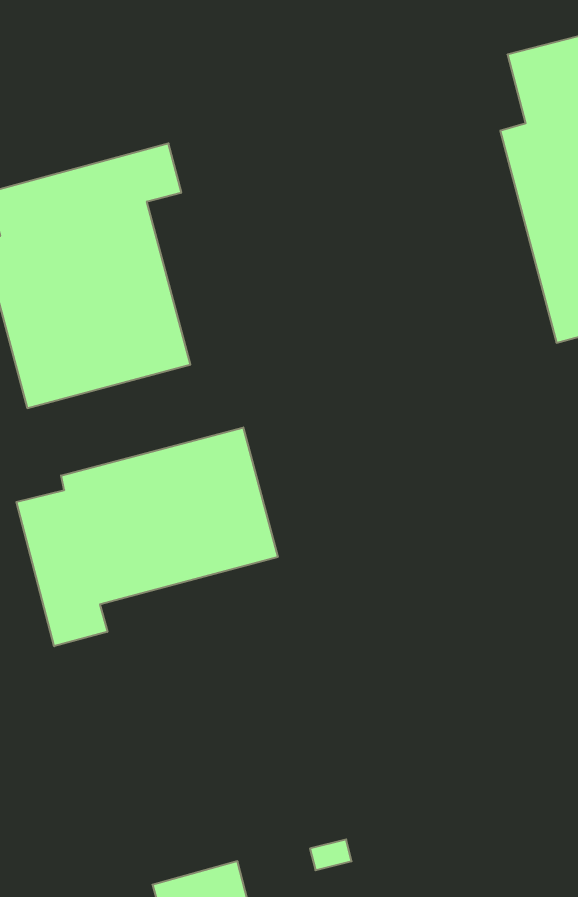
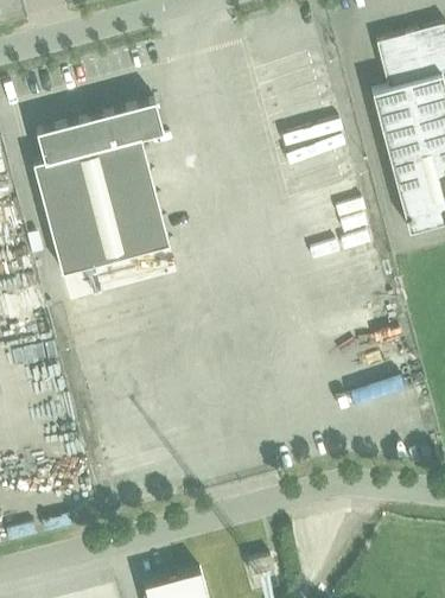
building: [16,427,278,646] -> none

